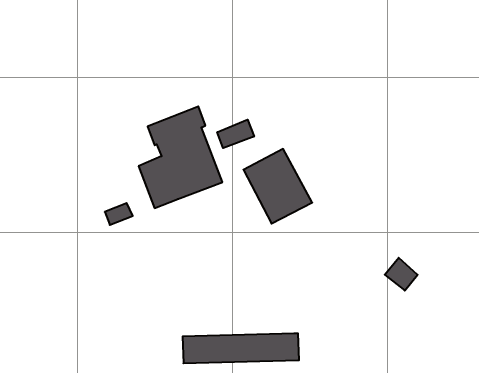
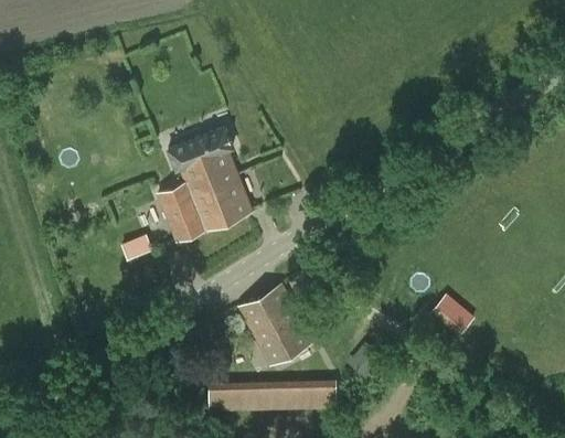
building: [217,120,254,148] -> none
building: [243,149,312,224] -> [238,284,315,366]

